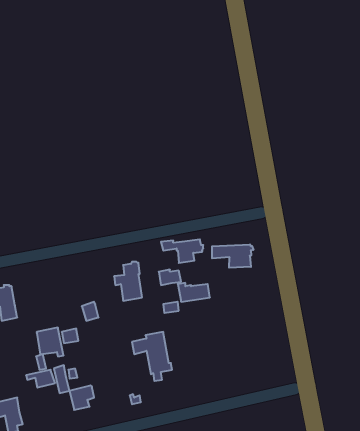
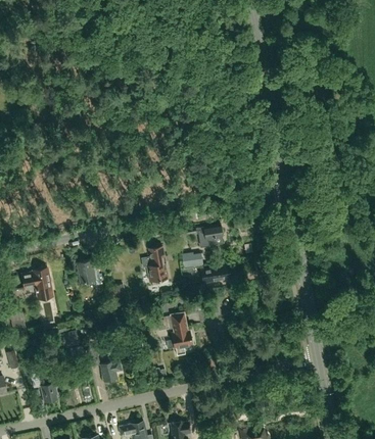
building: [212,244,253,268] -> none
building: [37,328,64,356] -> [77,258,101,285]

